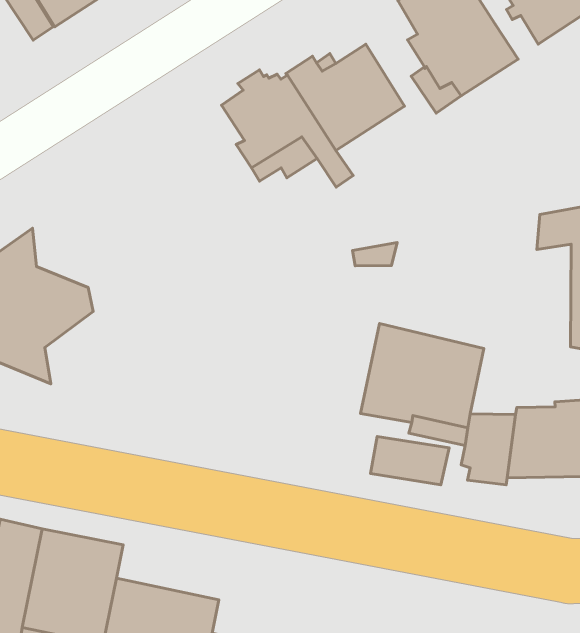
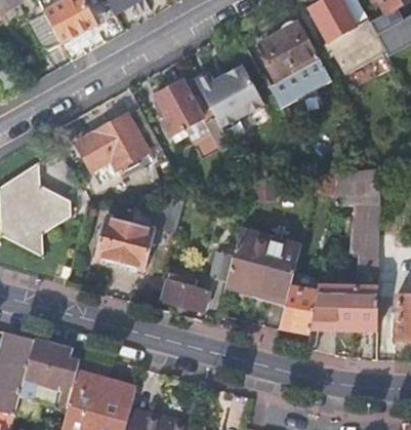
building: none -> [76,108,160,185]
building: none -> [93,217,152,269]
building: [371,437,449,485] -> [162,279,209,310]

